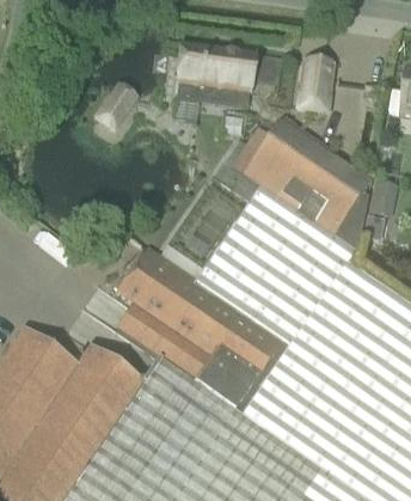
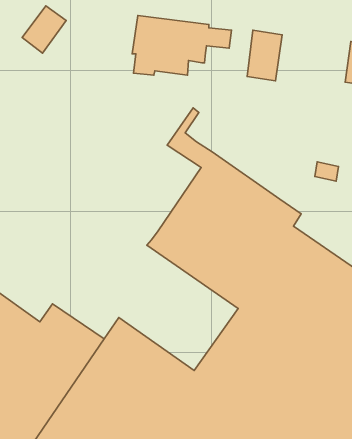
building: [94,80,141,130] -> [22,6,66,53]
building: [233,117,374,251] -> none
building: [115,245,289,417] -> none

